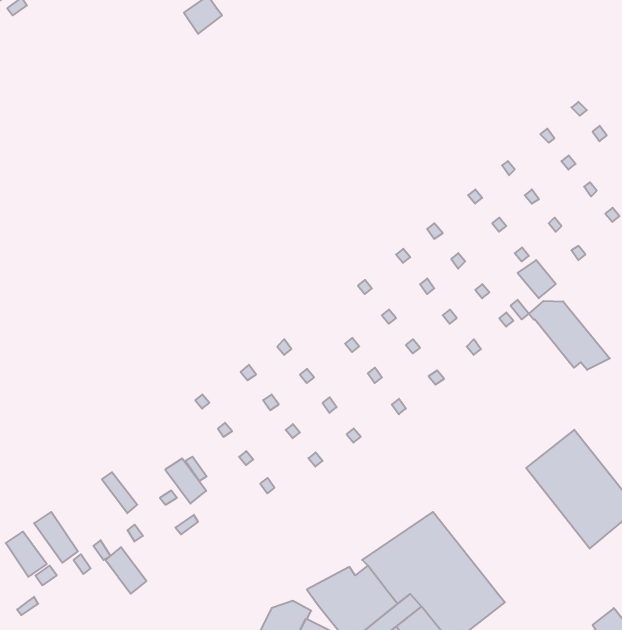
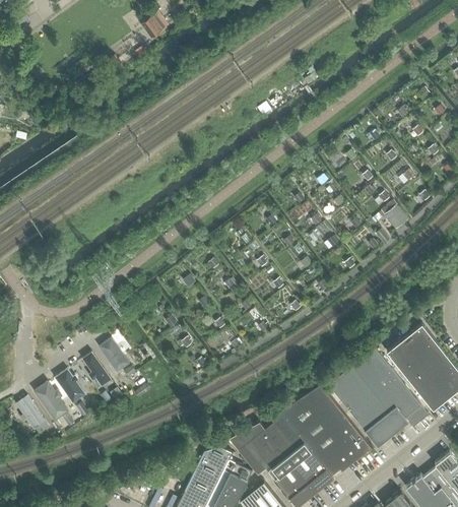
building: [529,301,610,370] -> none
building: [165,458,206,504] -> [97,339,127,372]
building: none -> [328,346,429,445]
building: [105,547,146,594] -> [54,370,83,403]

